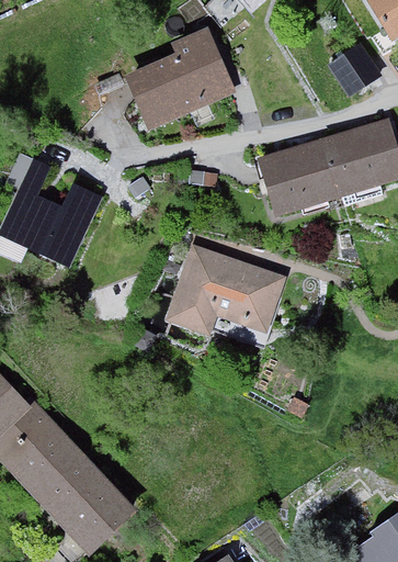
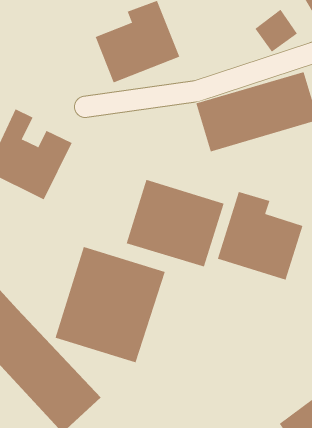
building: none -> [217,191,303,281]
building: none -> [55,246,166,363]

